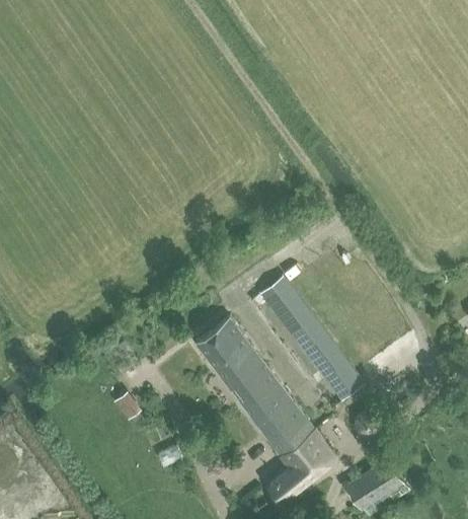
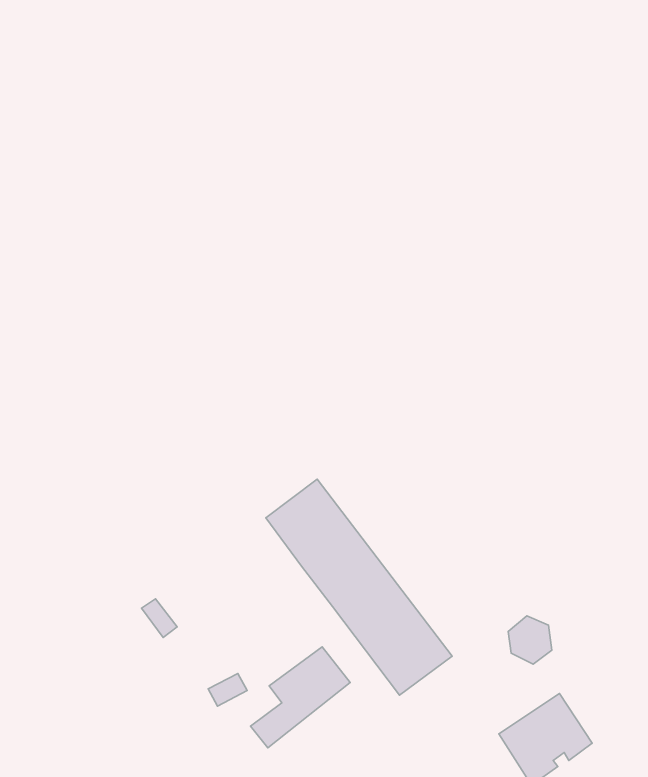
building: [261,278,363,400] -> none
building: [270,434,335,500] -> [251,647,350,748]

